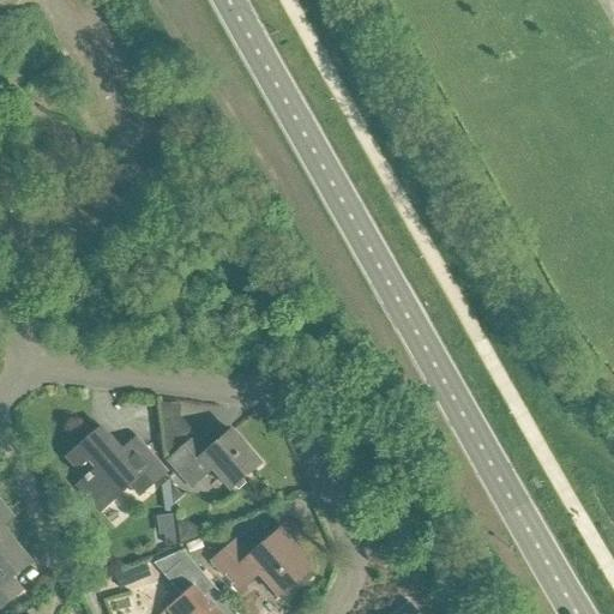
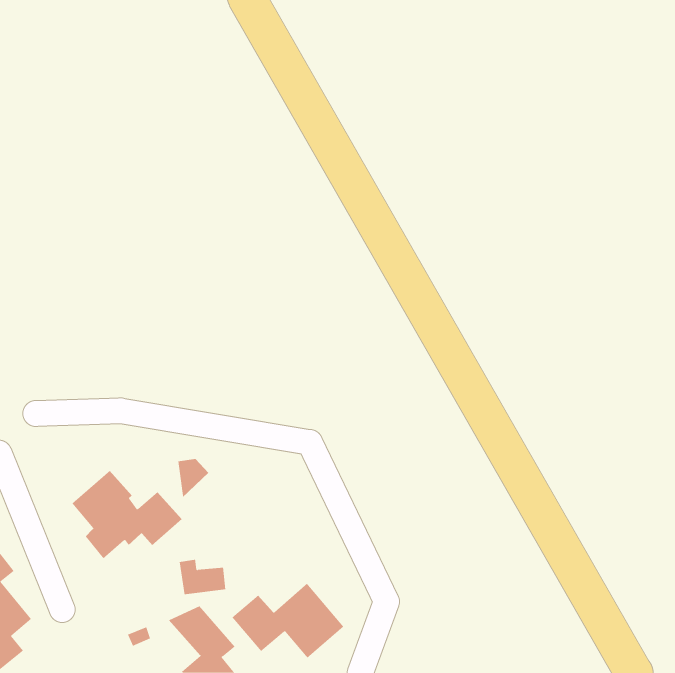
building: [167,429,258,488] -> none

